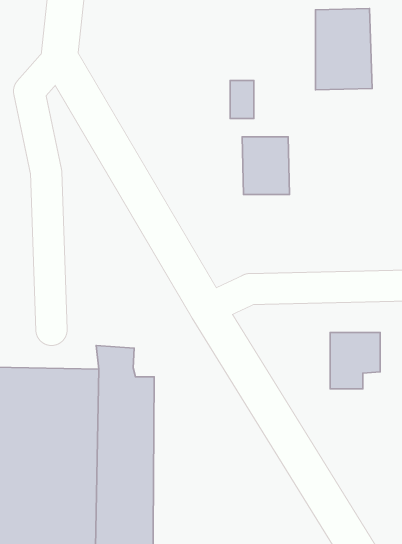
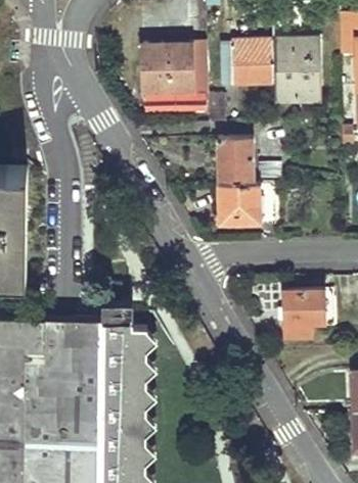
building: none -> [221,45,273,87]
building: none -> [140,46,207,94]
building: none -> [217,185,274,228]

